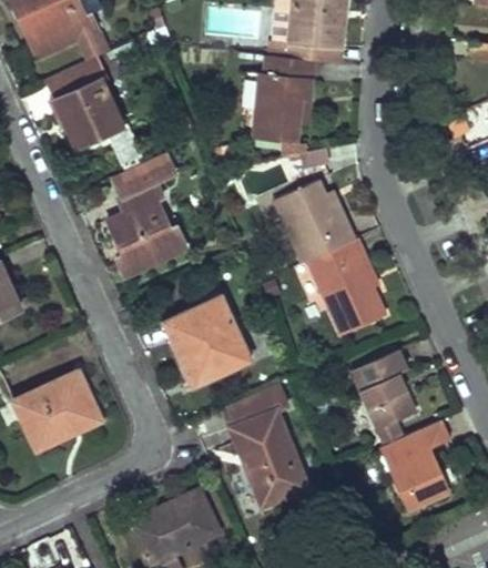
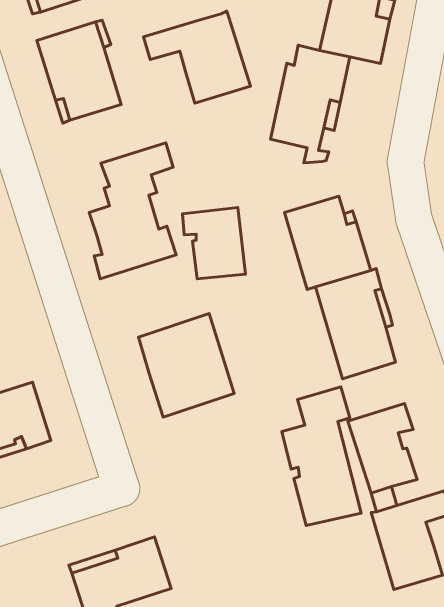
building: none -> [144,11,250,103]
building: none -> [182,208,245,279]
building: [231,383,307,505] -> [282,387,361,526]

